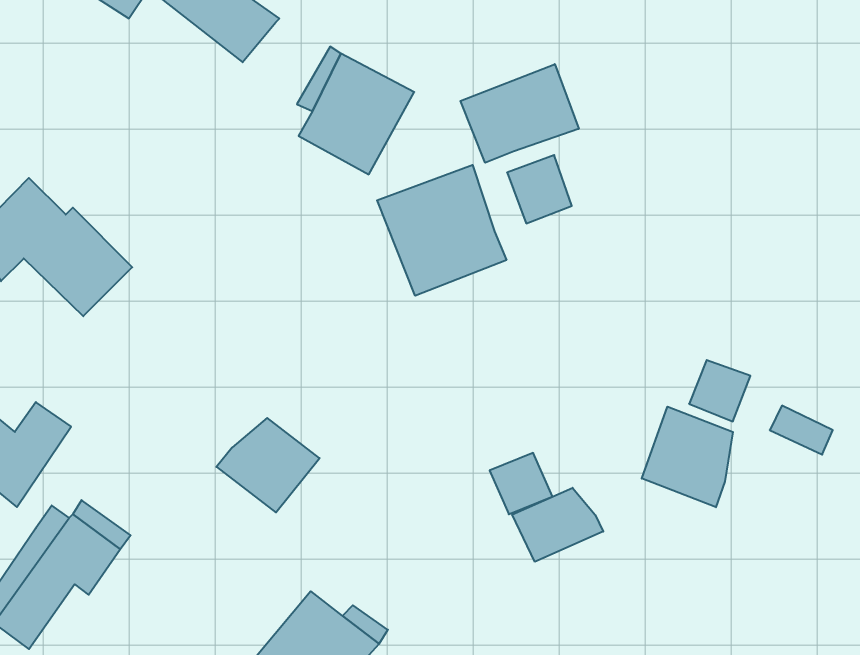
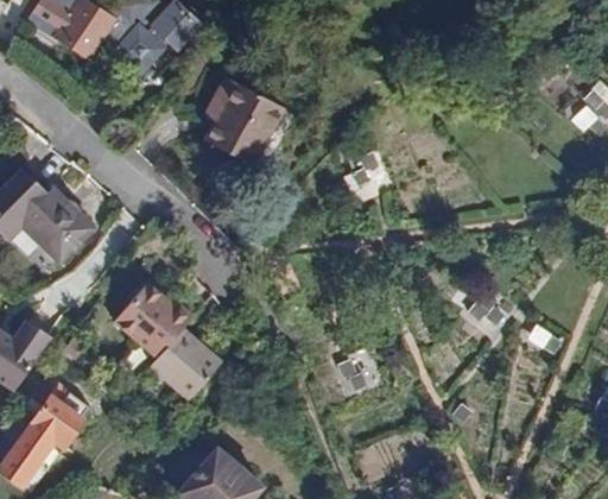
building: [460,64,579,163] -> none
building: [377,165,506,296] -> none
building: none -> [120,279,201,353]
building: [642,407,733,507] -> none
building: [512,488,603,562] -> none

